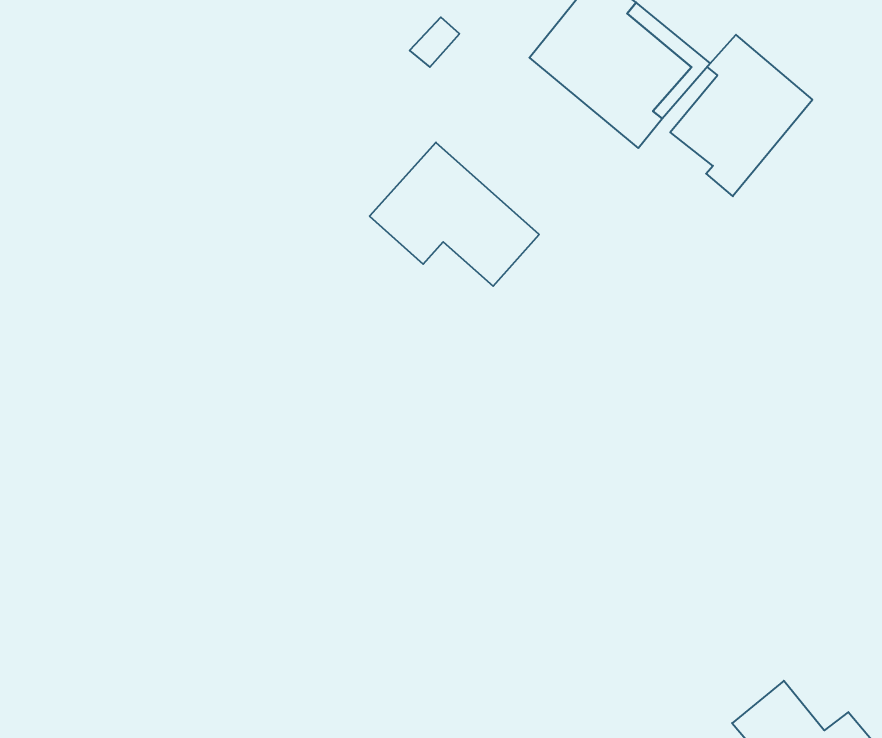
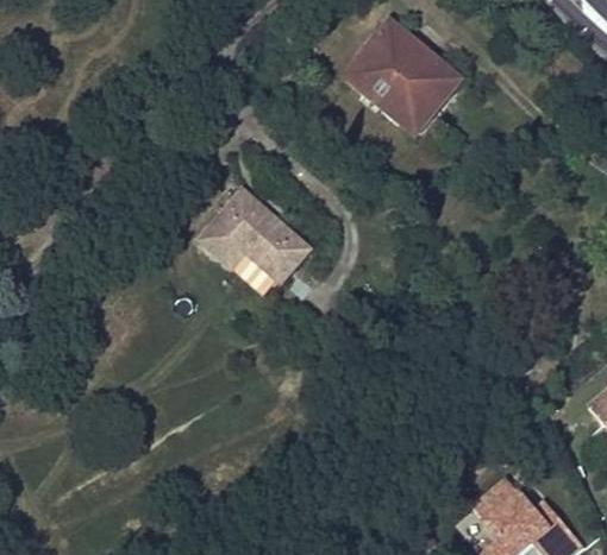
building: [670,35,812,196] -> none
building: [370,142,539,286] -> [198,191,307,284]

